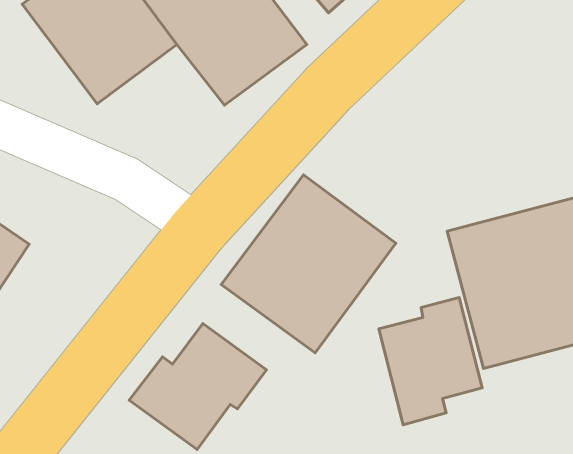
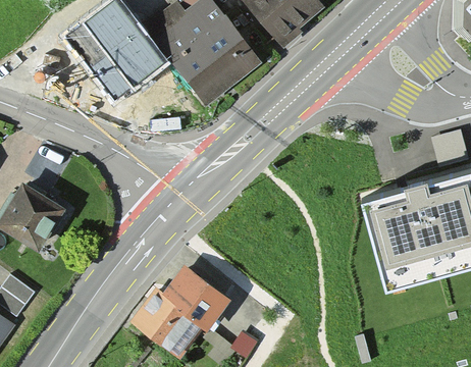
building: [221,175,396,353] -> none
building: [379,298,482,425] -> none

